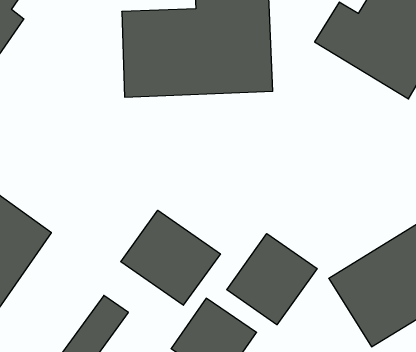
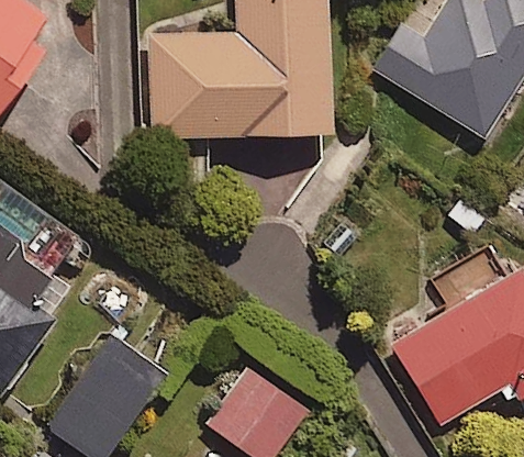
building: [121,210,220,305] -> none
building: [227,234,317,325] -> none

